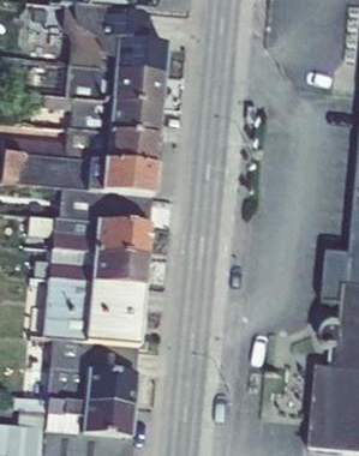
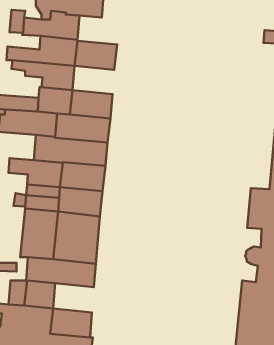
building: [113,36,164,72] -> none
building: [107,98,158,133] -> none
building: [83,367,134,403] -> none

